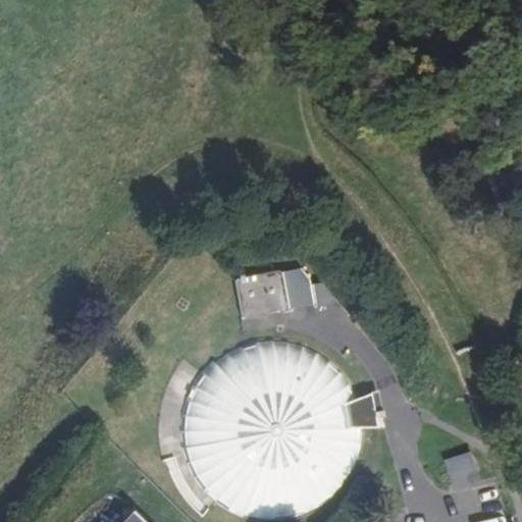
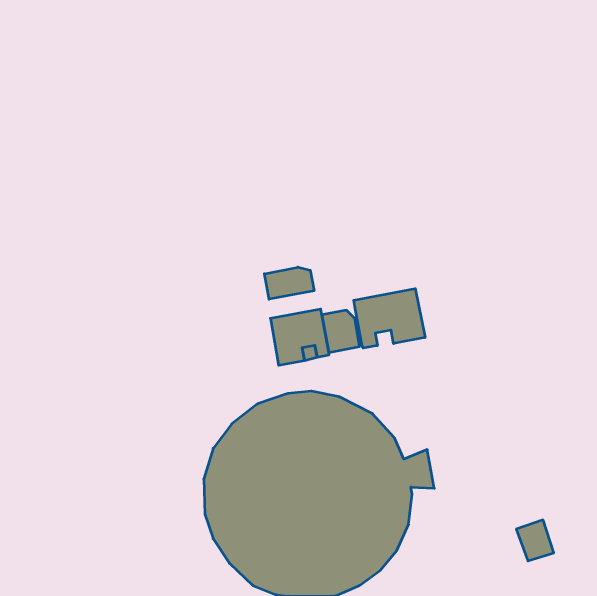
building: none -> [264,267,314,299]
building: none -> [354,289,425,348]

